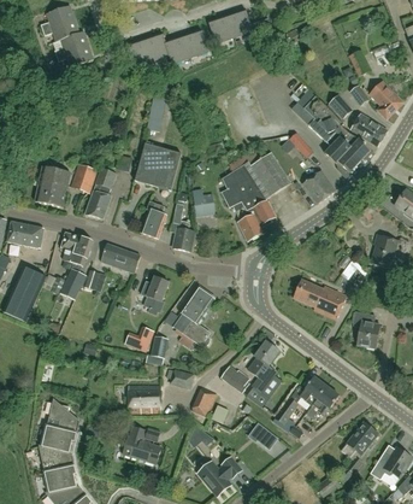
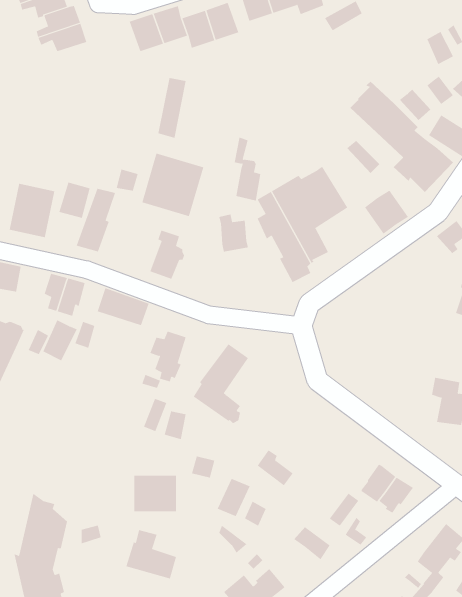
building: [173,203,194,251] -> [234,137,261,201]
building: [294,279,347,320] -> none
building: [248,340,278,391] -> none

